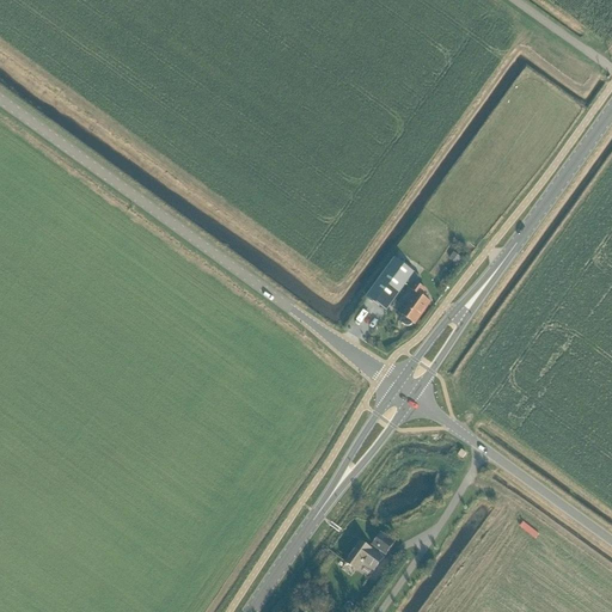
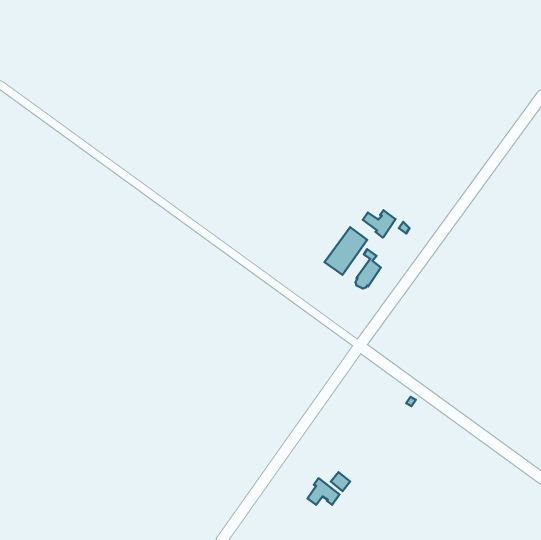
building: none -> [363,210,396,237]

